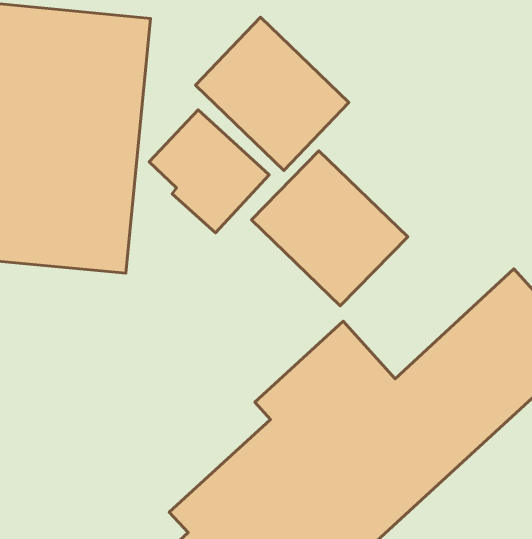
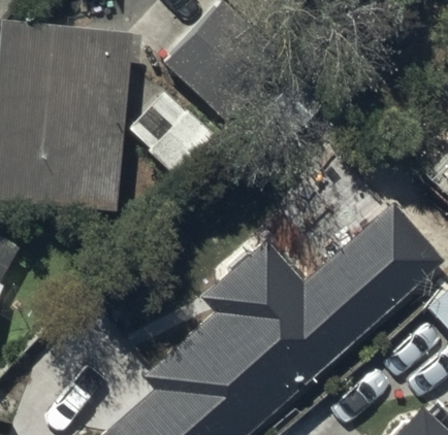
building: [251,151,408,306] -> none

